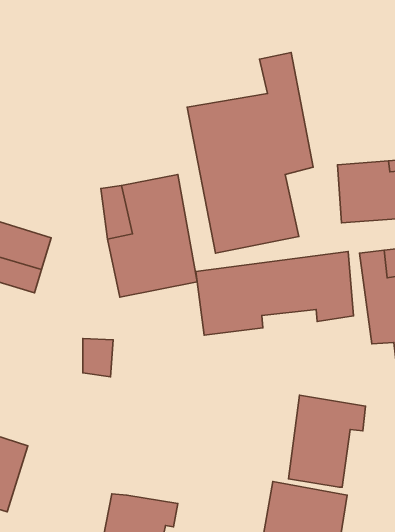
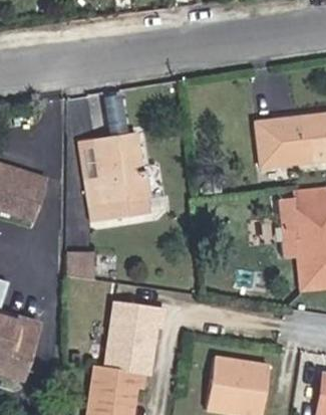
building: [187,52,313,253] -> none
building: [196,252,353,335] -> none
building: [288,395,365,487] -> [106,302,162,370]

